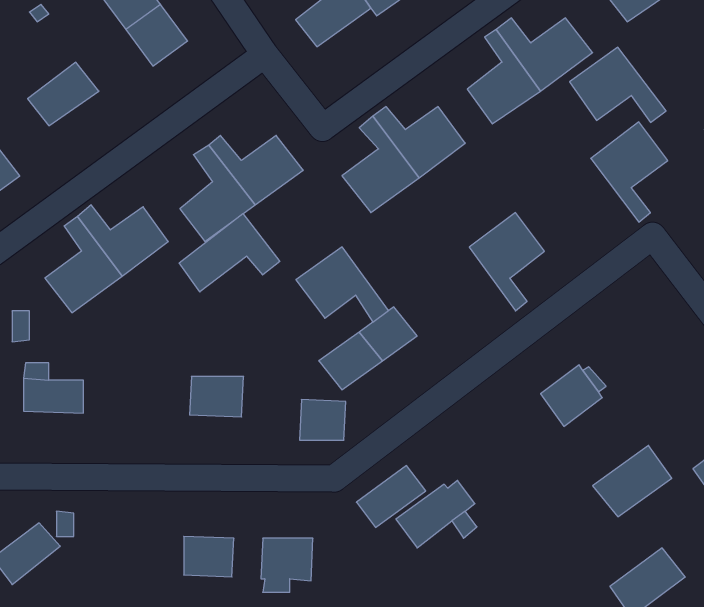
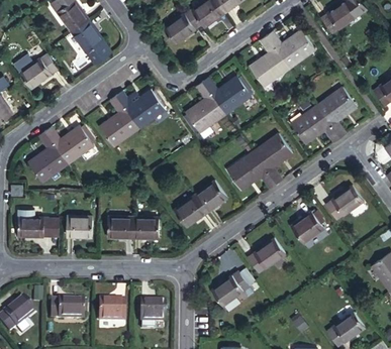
building: [570,47,666,122] -> [289,103,339,142]
building: [179,214,280,292] -> none
building: [296,247,388,322] -> [226,149,275,189]
building: none -> [65,216,90,237]
building: [300,400,346,440] -> [131,217,156,238]
building: [593,445,672,517] -> [322,184,364,221]
building: [356,466,426,527] -> [245,239,281,271]
building: none -> [53,300,87,318]

